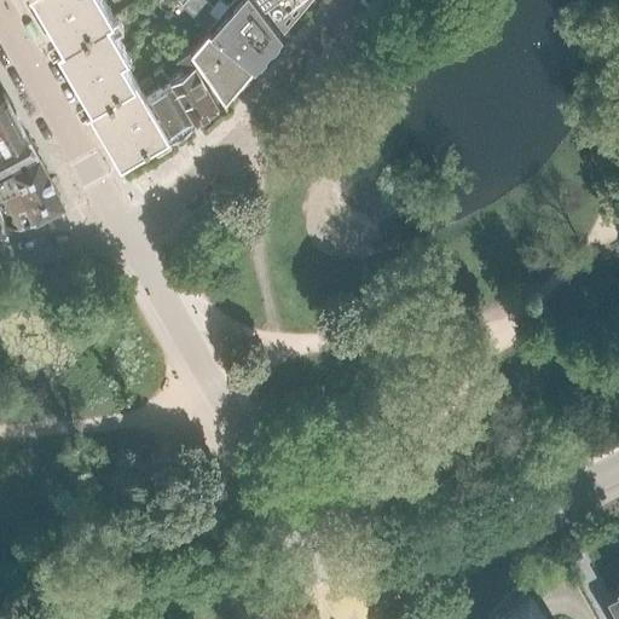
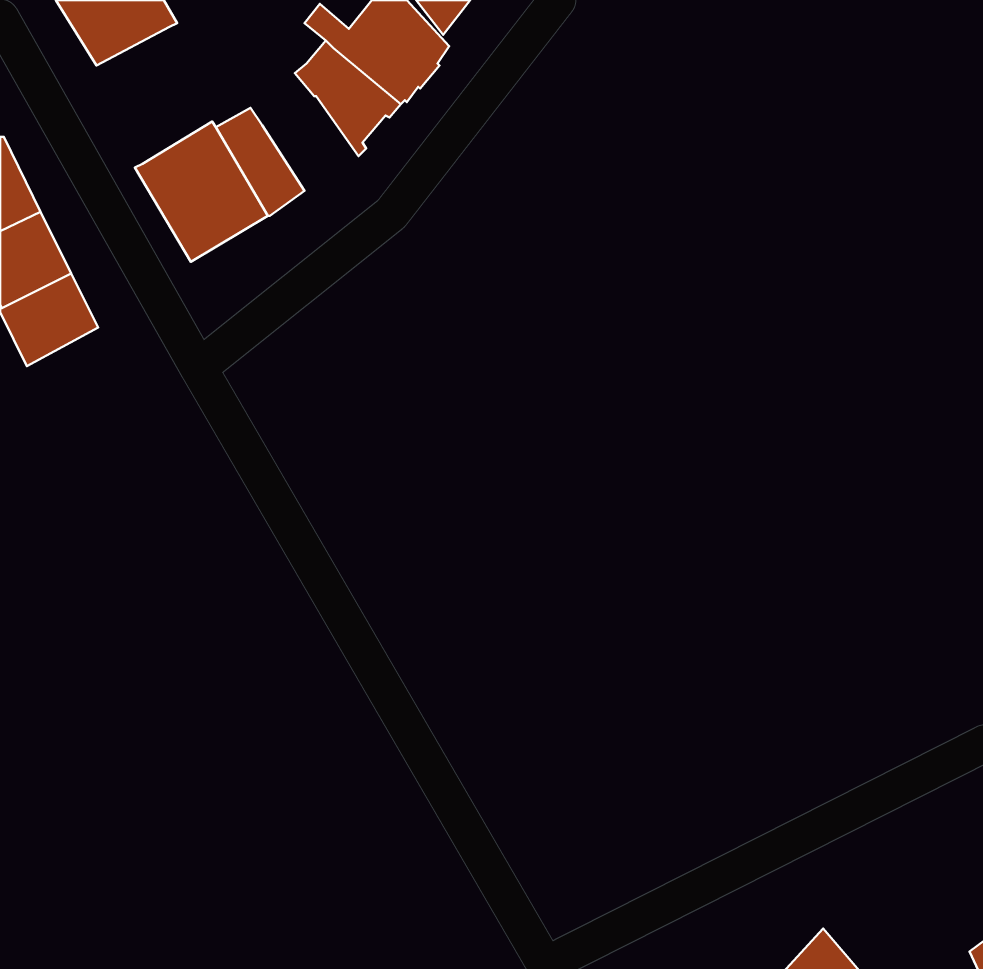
building: [57,27,134,112] -> none
building: [158,56,218,129] -> none

